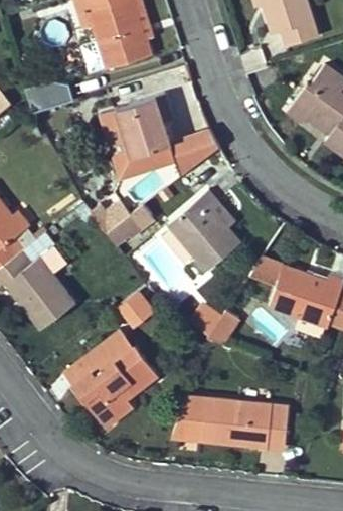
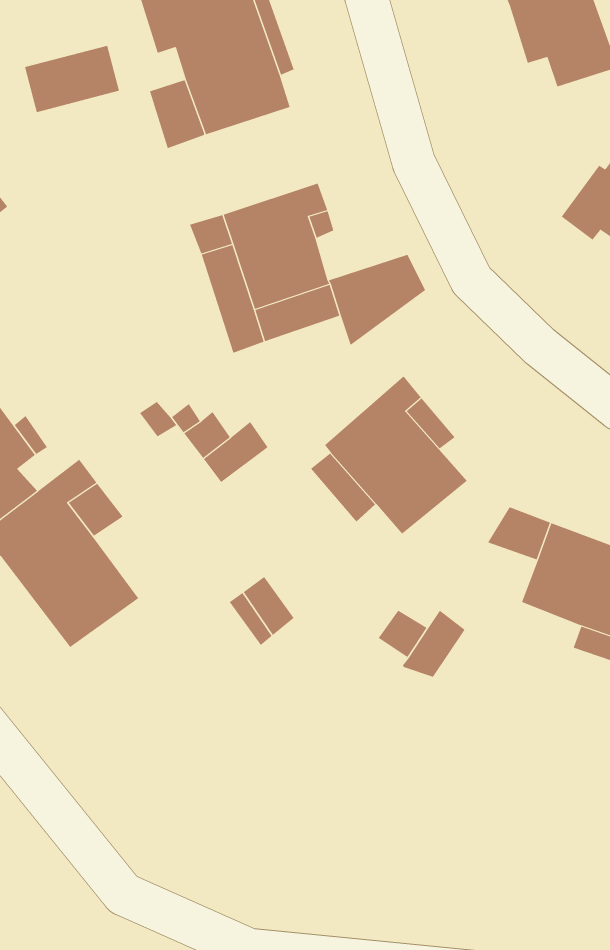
building: [24,75,72,110] -> [24,45,120,113]
building: [64,331,156,428] -> none
building: [172,397,289,450] -> none

